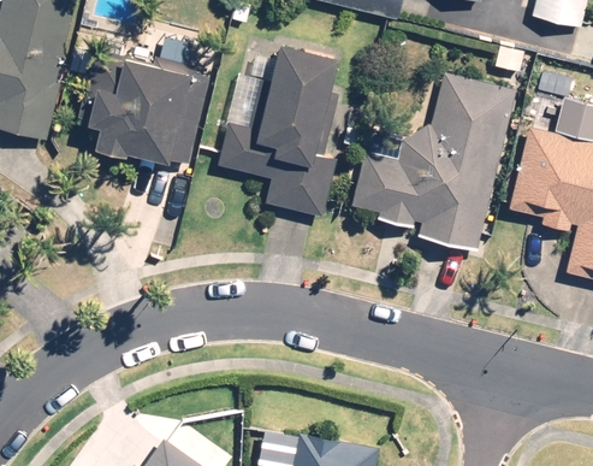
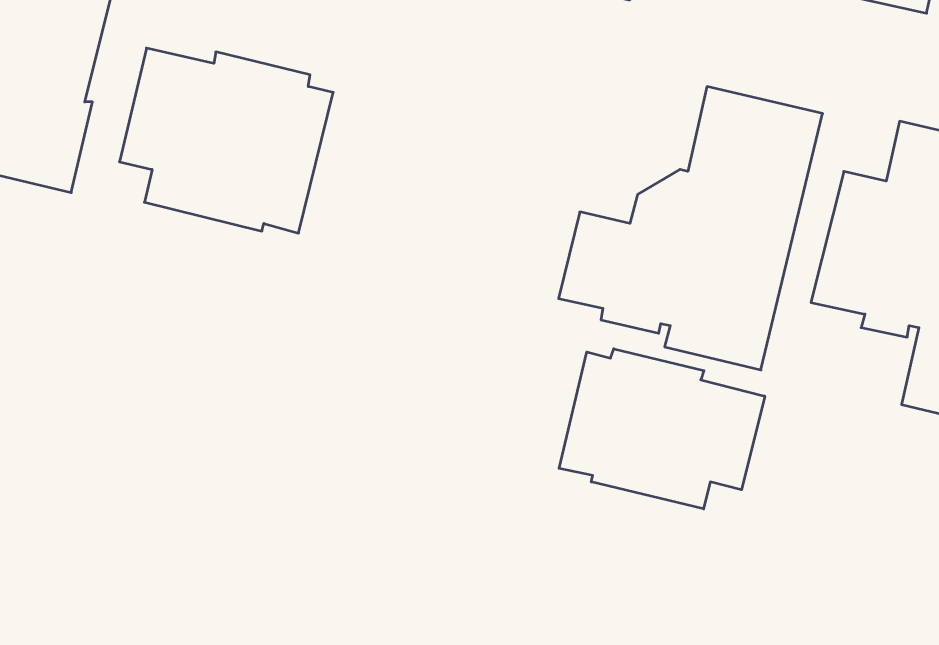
building: [201,42,338,217] -> none
building: none -> [559,349,765,509]

